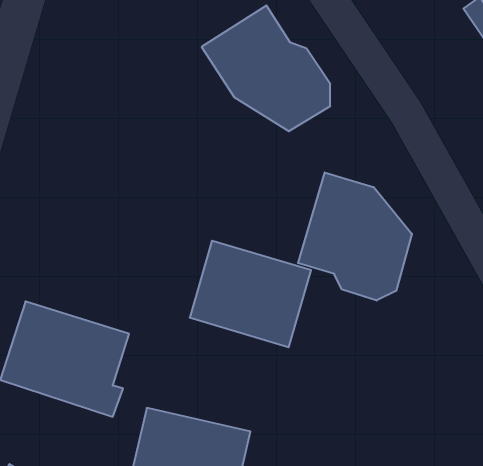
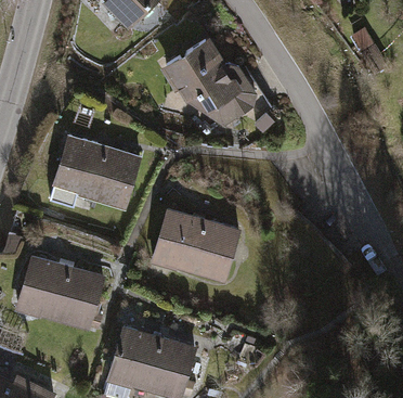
building: none -> [48,134,144,210]
building: [298,172,412,301] -> none

